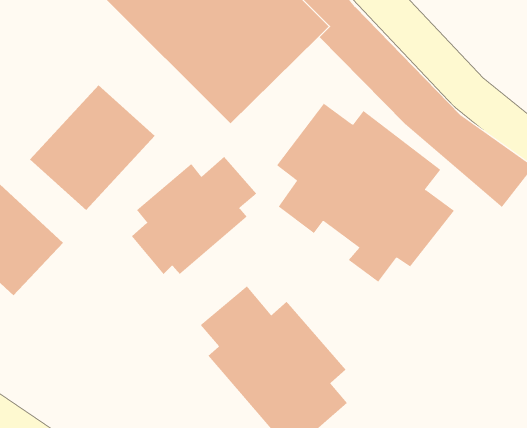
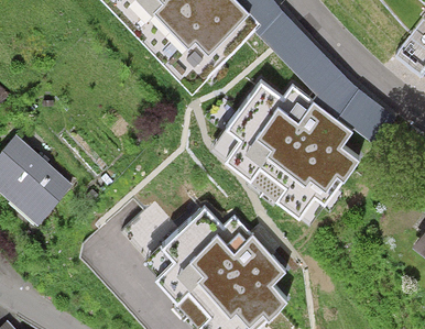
building: [29,84,155,211] -> none
building: [131,156,257,275] -> none

